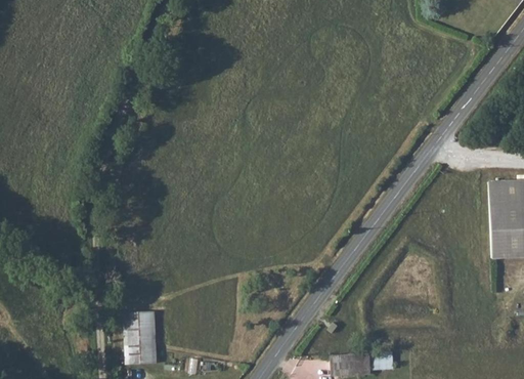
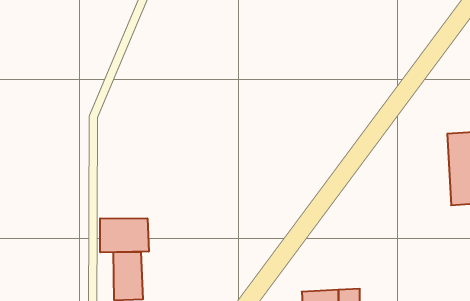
building: none -> [100,218,149,252]

